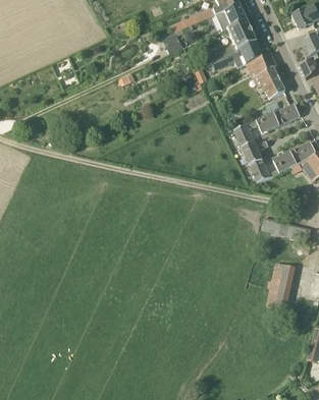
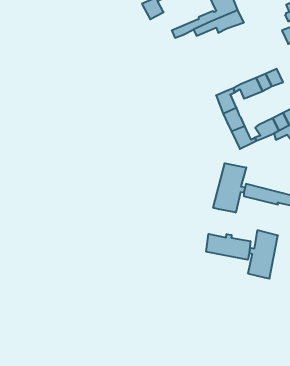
building: [245,53,284,99] -> none
building: none -> [213,163,246,213]
building: none -> [206,234,250,260]

